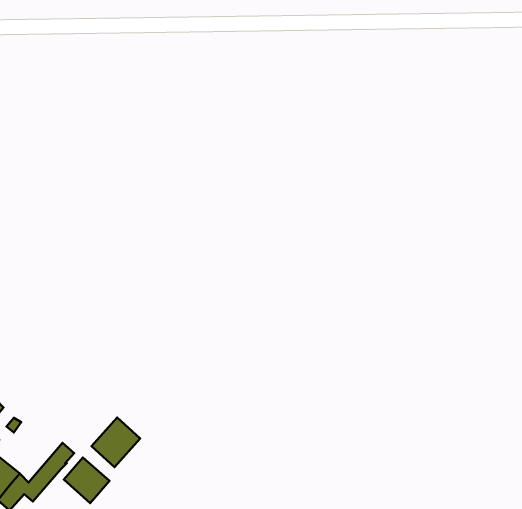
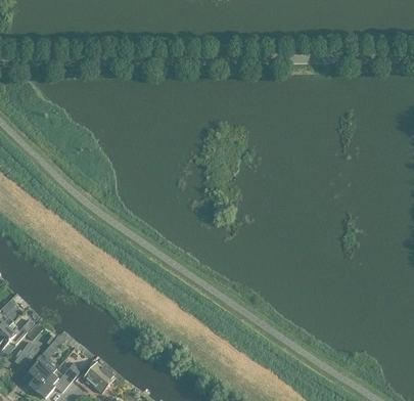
building: [92,417,140,467] -> none

